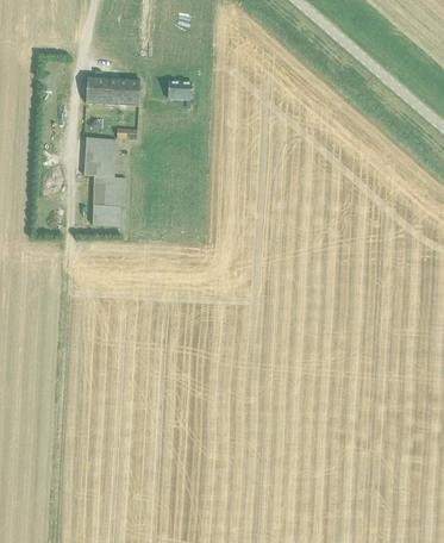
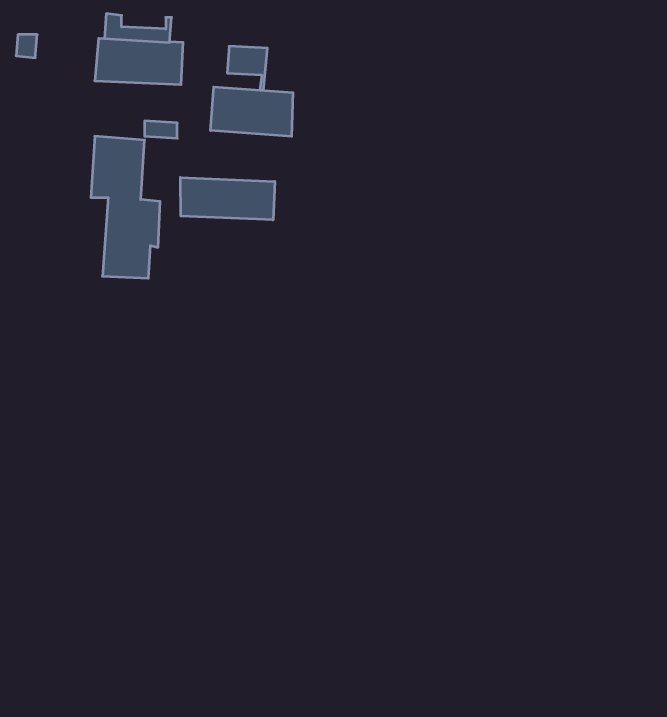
building: none -> [211,87,293,136]
building: none -> [180,177,275,220]

